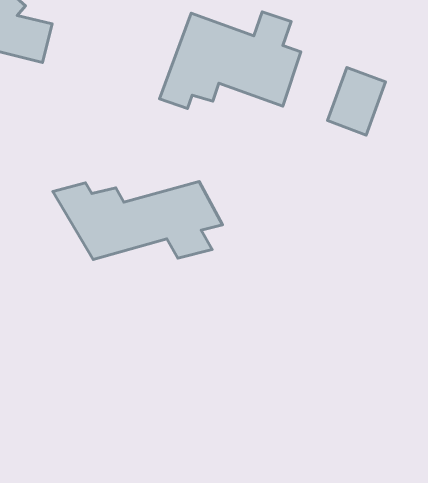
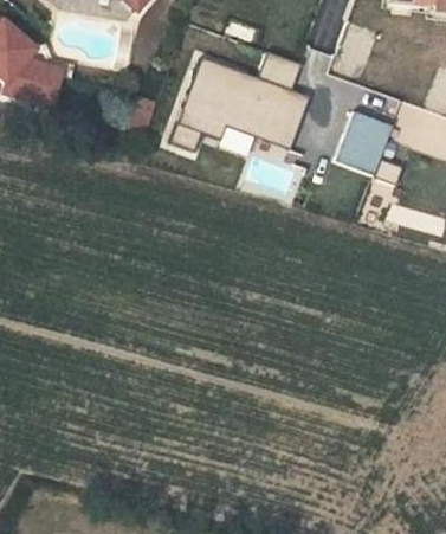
building: [53,182,223,260] -> none

